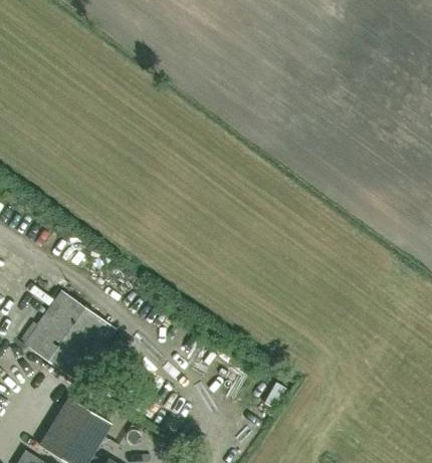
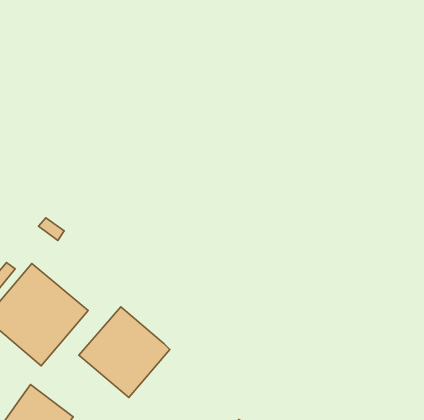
building: none -> [79,307,170,398]

